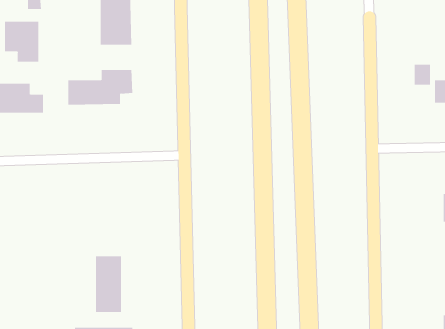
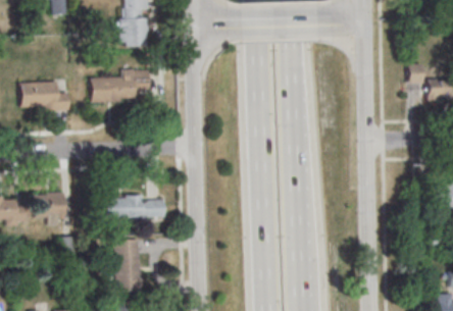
building: [5,21,39,63] -> none
building: none -> [35,193,65,224]
building: none -> [107,198,165,218]

